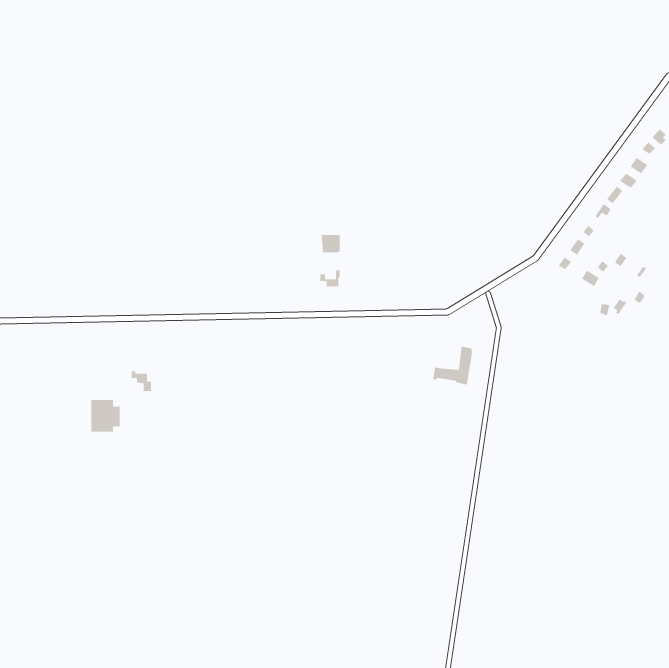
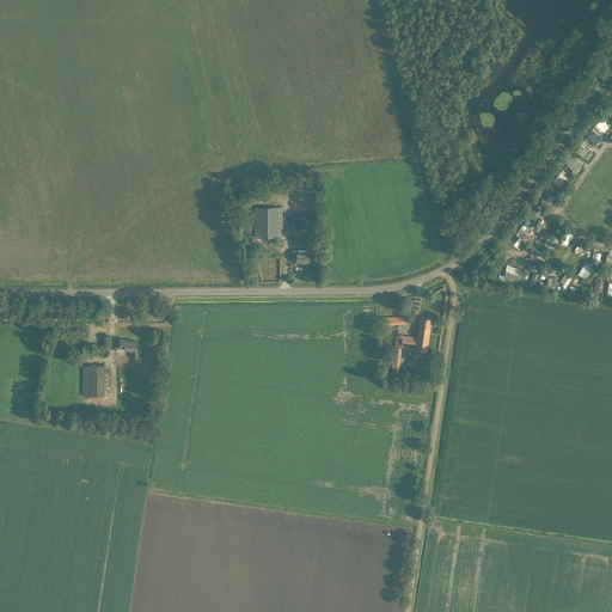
building: none -> [255,208,283,238]

